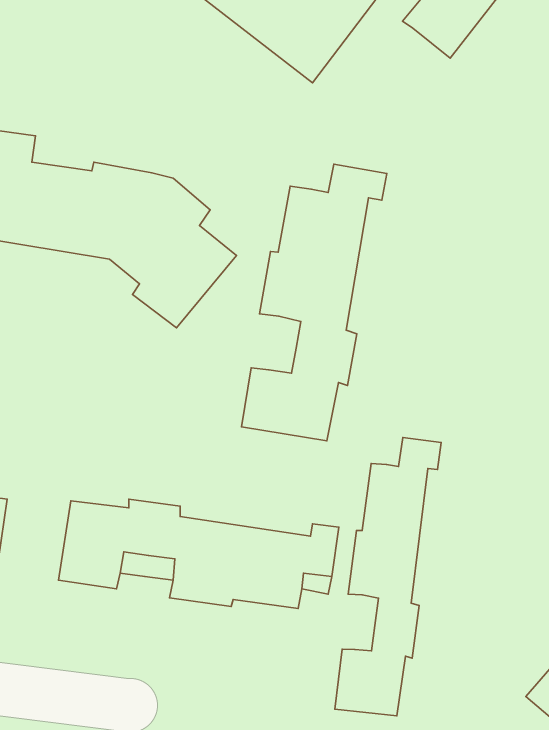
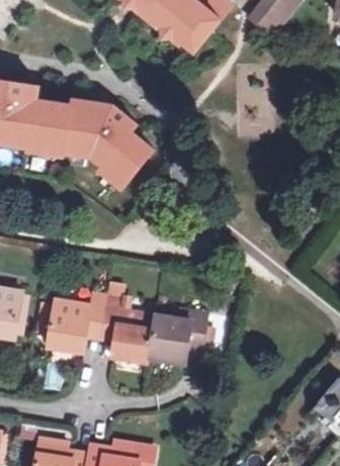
building: [242,164,387,441] -> none
building: [335,438,441,716] -> none

